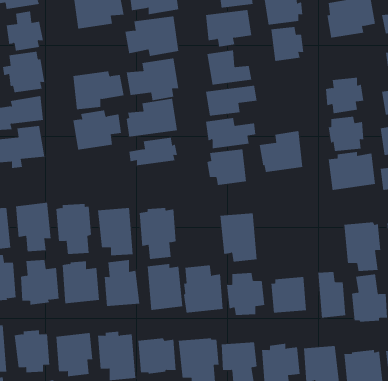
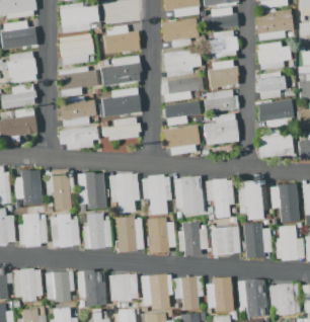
building: none -> [59,32,94,66]
building: none -> [257,42,291,70]
building: none -> [214,59,238,87]
building: none -> [205,90,239,113]
building: none -> [60,126,98,150]
building: none -> [143,174,171,215]
building: none -> [206,178,234,217]
building: none -> [239,179,268,220]

